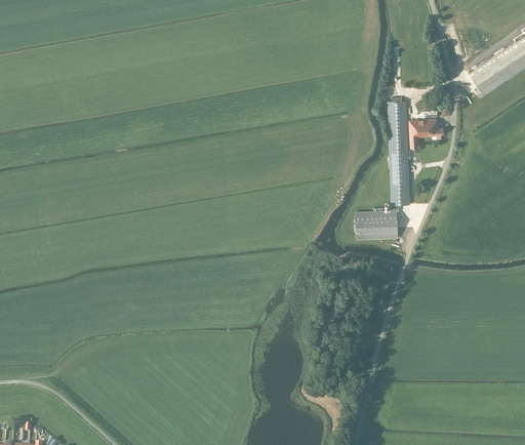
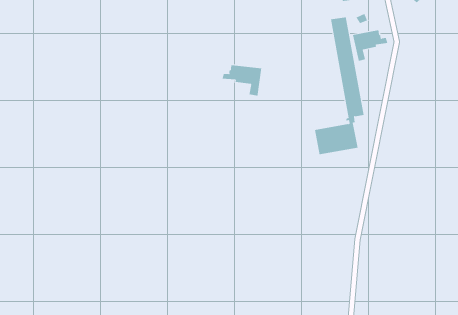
building: none -> [222,64,262,97]

